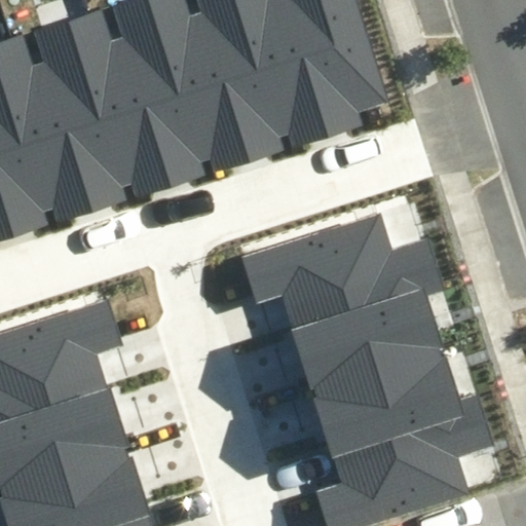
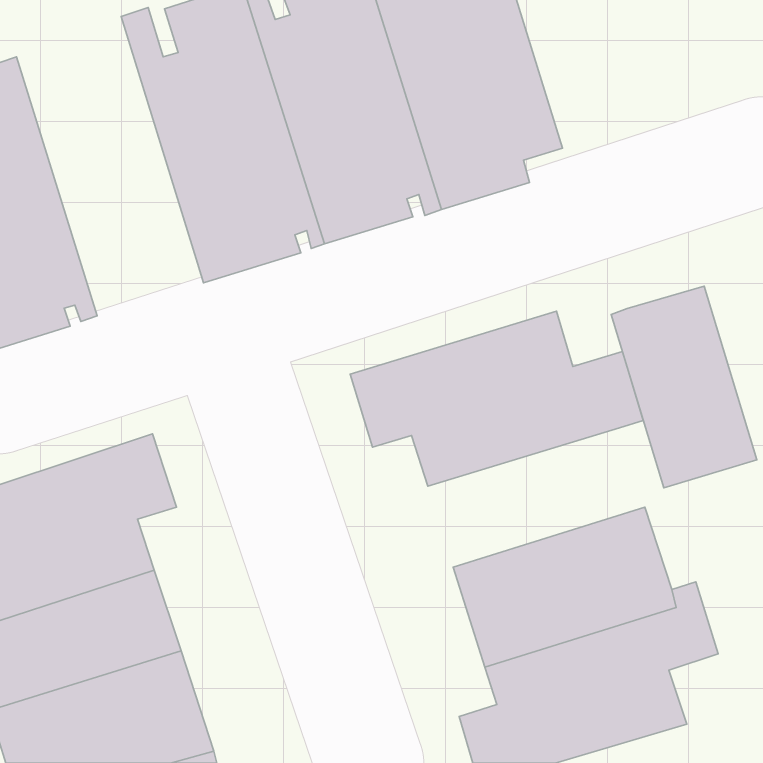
building: [11,11,136,217] -> none
building: none -> [611,286,757,488]
building: [294,294,443,389] -> none

